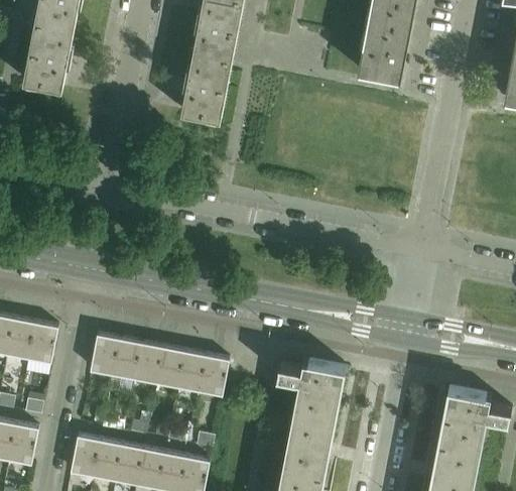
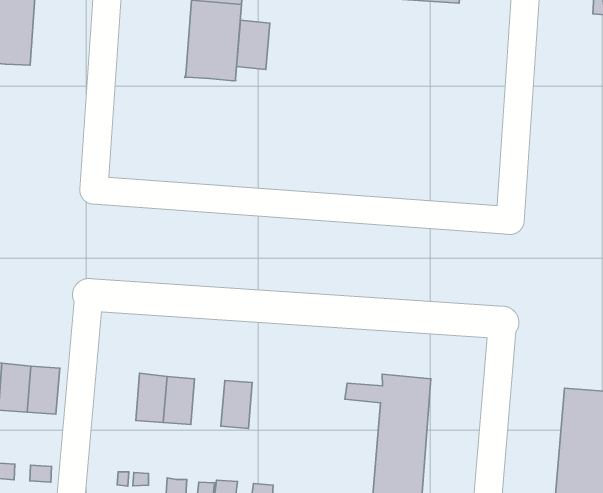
building: none -> [237,20,270,70]
building: [90,335,119,375] -> none
building: [154,348,184,387] -> none
building: [199,356,228,396] -> none

